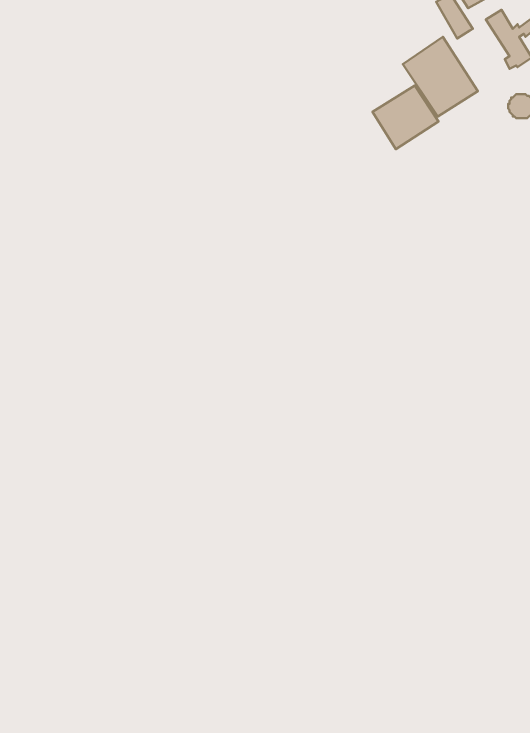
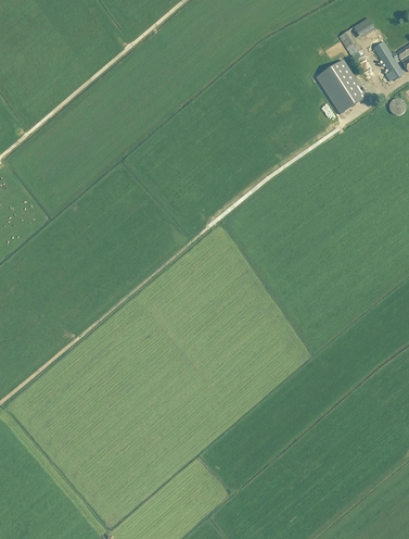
building: [373,85,438,149] -> none

